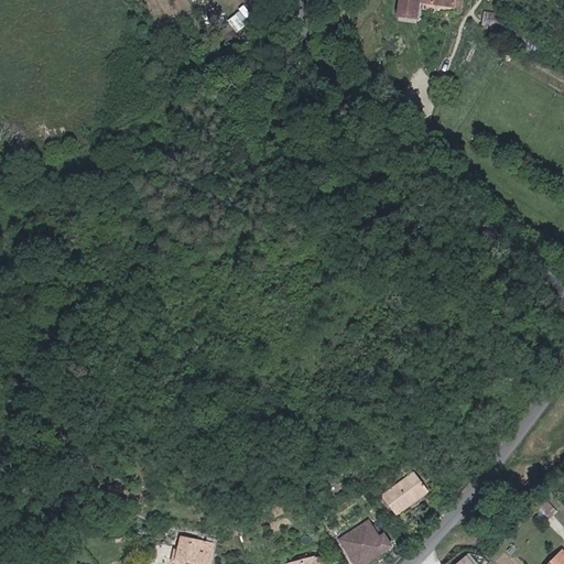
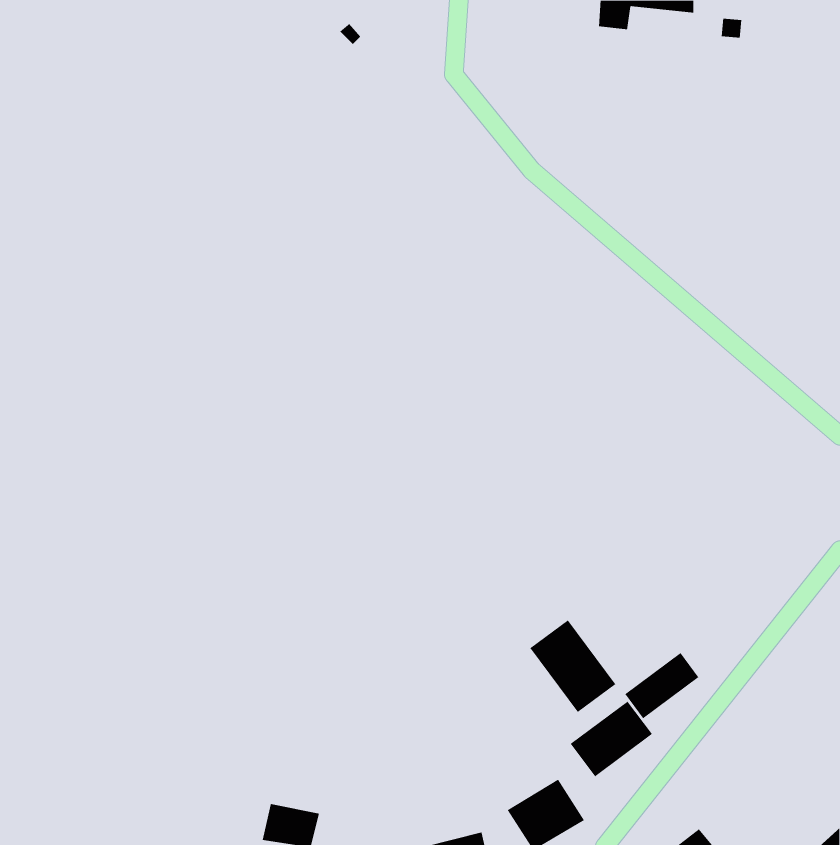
building: none -> [530,620,616,713]
building: none -> [625,652,699,719]

